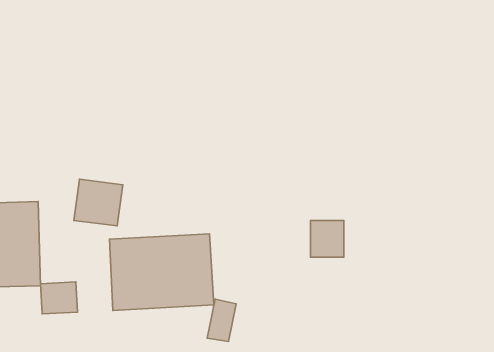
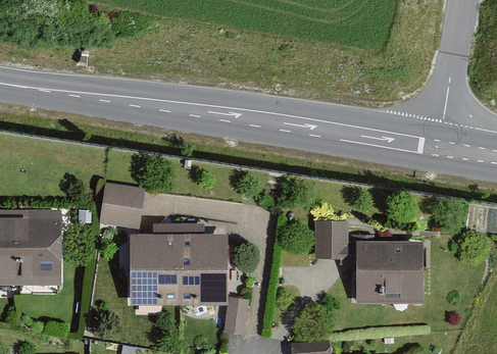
building: none -> [359,245,421,301]
building: [40,282,77,314] -> none

